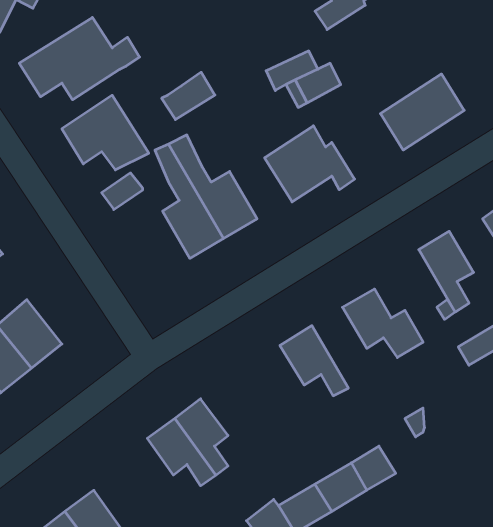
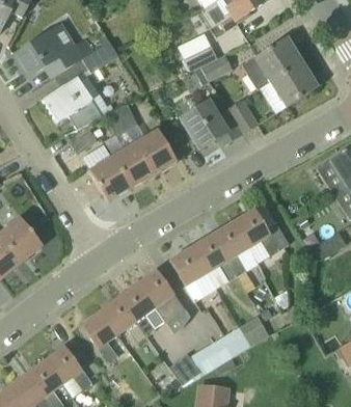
building: none -> [242,37,301,89]
building: [162,72,215,120] -> [82,40,118,73]
building: none -> [226,97,261,133]
building: none -> [88,155,130,200]
building: [419,231,474,312] -> [213,220,250,275]
building: none -> [170,246,208,300]
building: none -> [137,269,190,332]
building: none -> [81,309,118,362]

